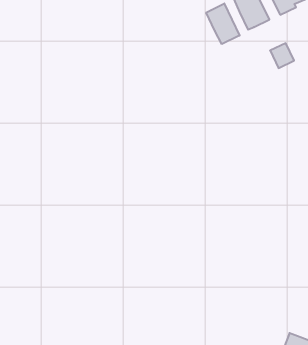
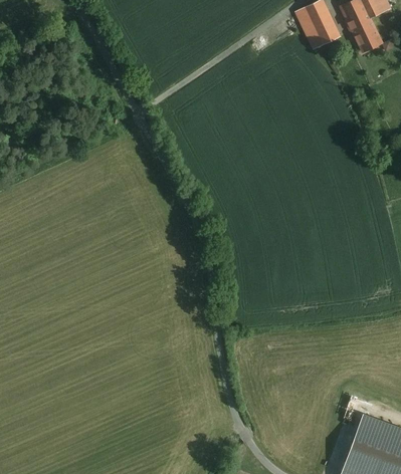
building: [206,3,240,44] -> none
building: [270,43,294,68] -> [353,22,382,52]

